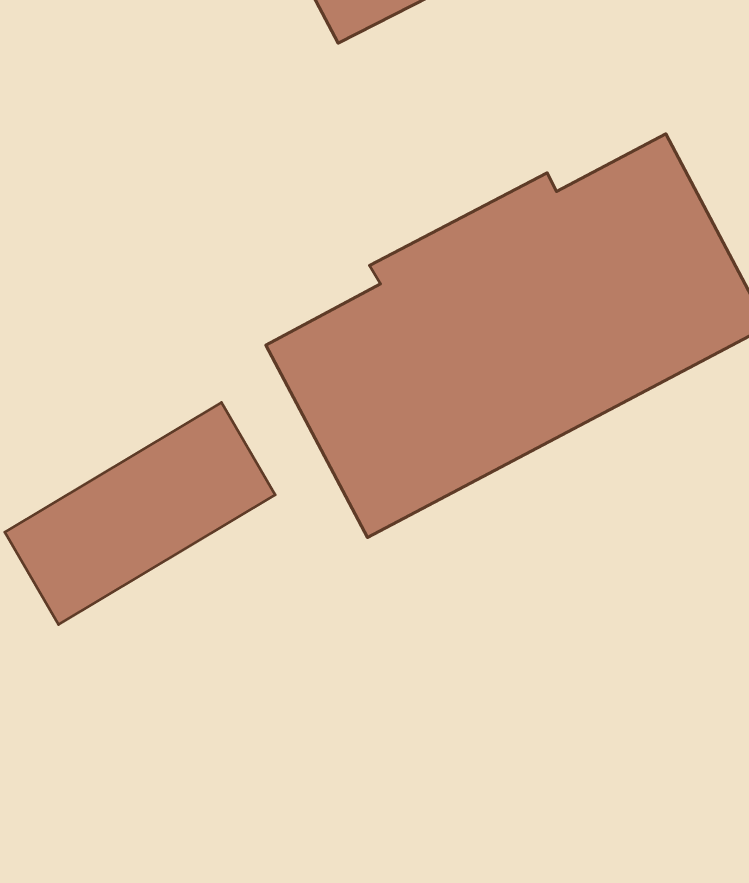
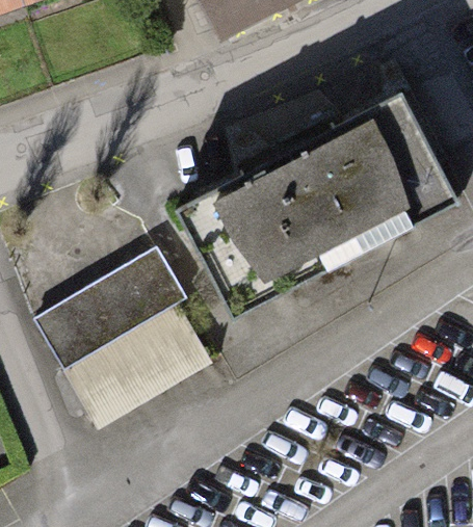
building: none -> [63,300,213,425]

